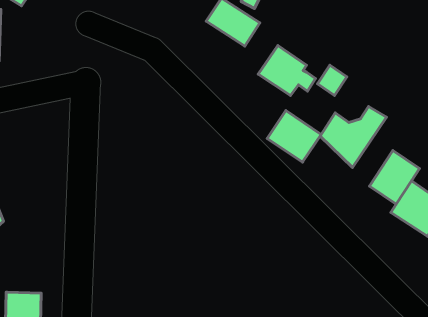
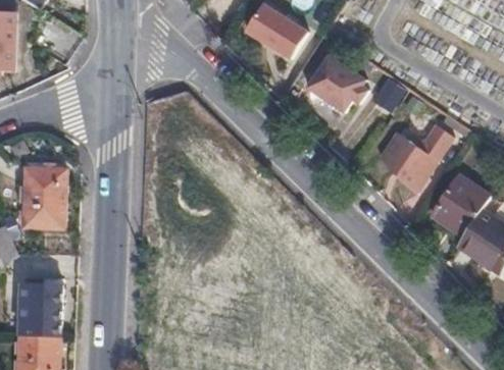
building: [267,111,321,162] -> none
building: none -> [22,168,66,228]
building: none -> [19,283,61,336]

